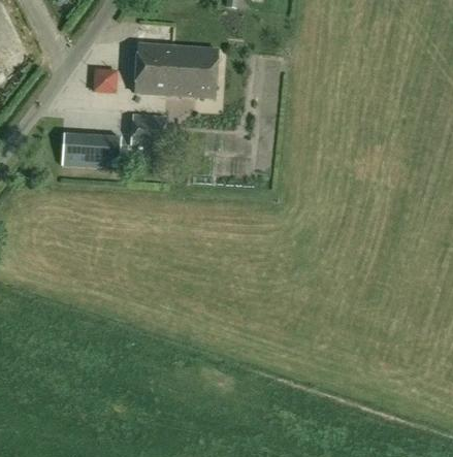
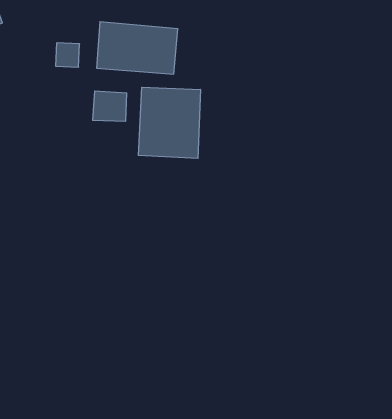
building: none -> [138,87,200,158]
building: [61,132,121,168] -> none

